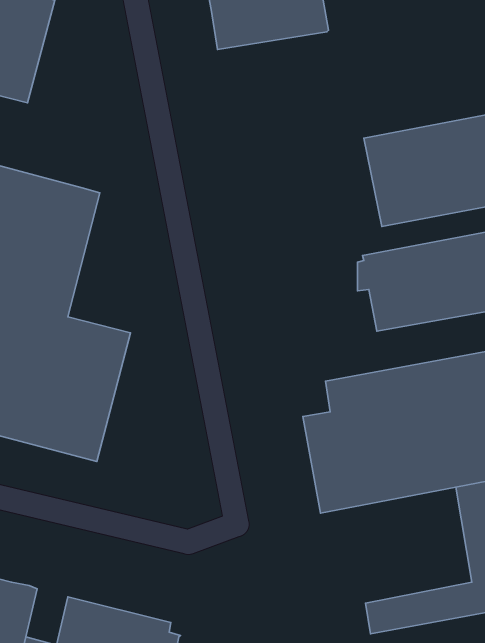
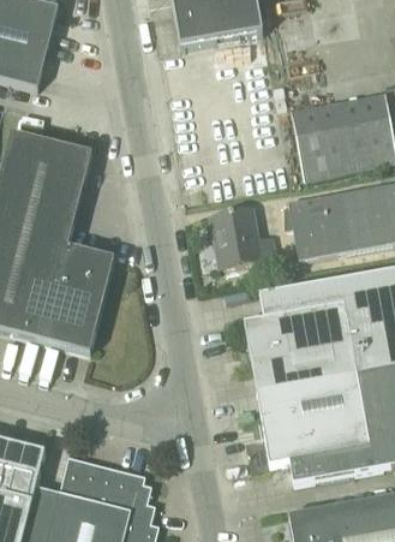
building: none -> [209,208,275,266]
building: none -> [256,373,369,463]

